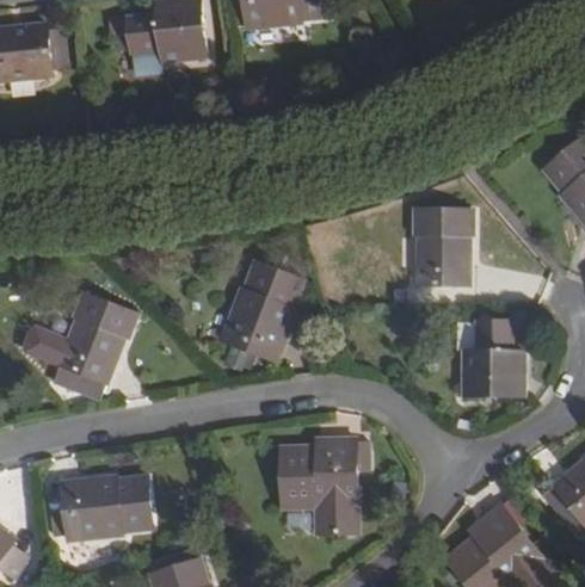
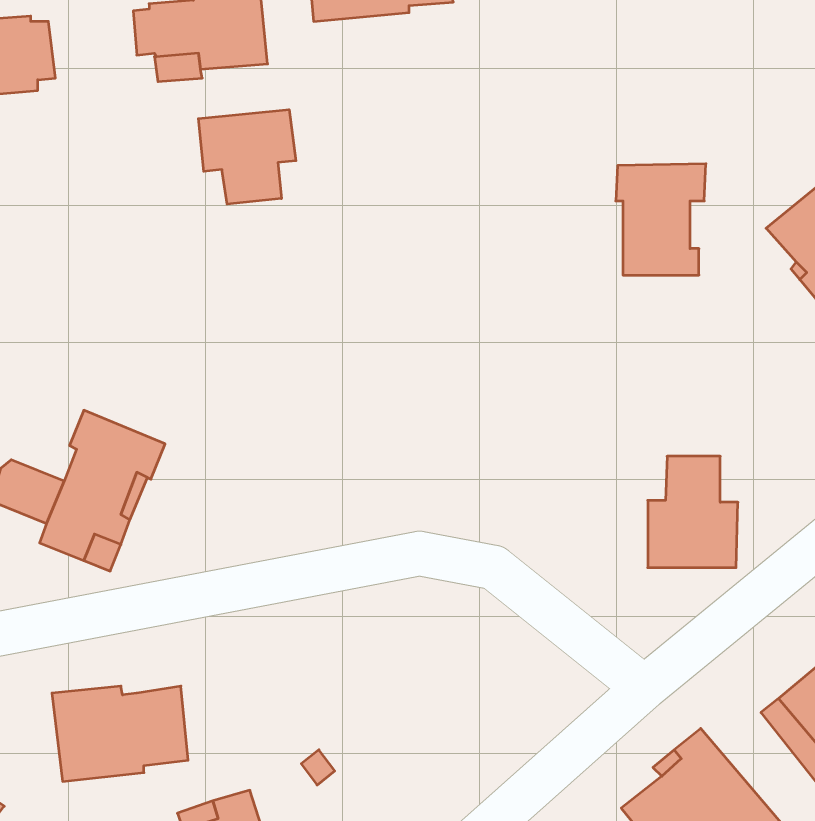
building: none -> [198,110,296,204]
building: [413,208,474,283] -> [616,164,706,275]
building: [221,261,303,362] -> none
building: [279,437,367,533] -> none

